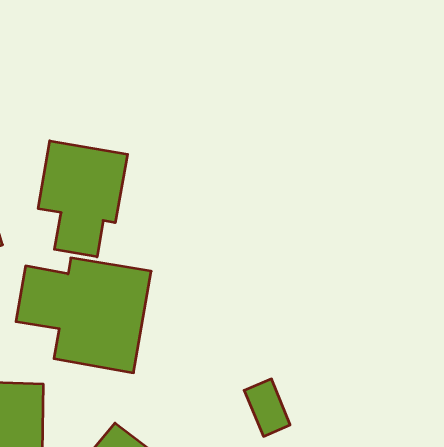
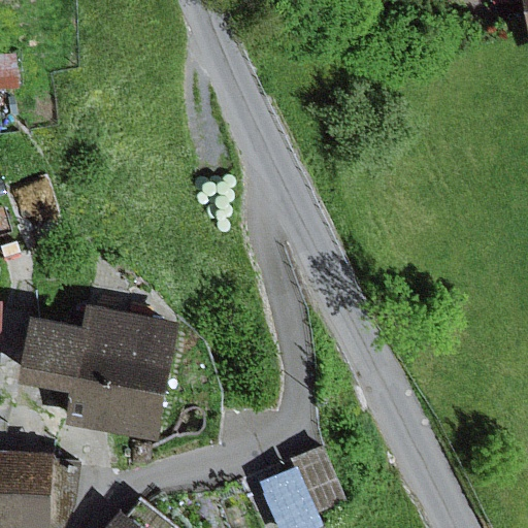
building: [38,141,128,257] -> none

